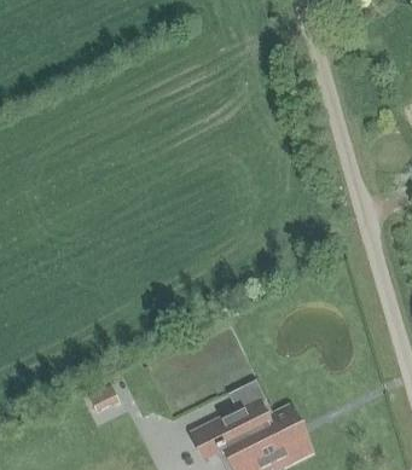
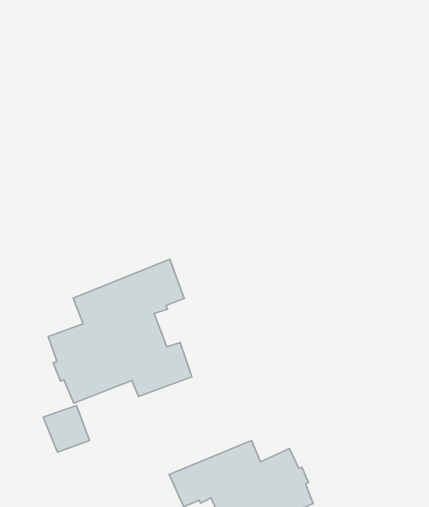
building: none -> [48,259,192,403]

